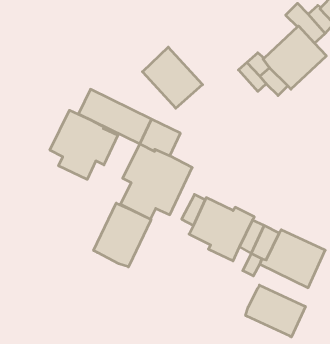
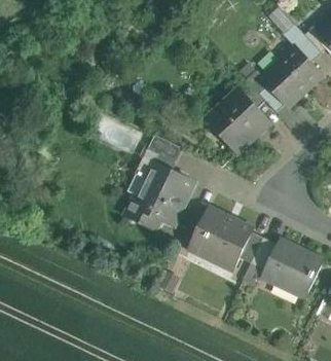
building: [142,47,203,108] -> [209,93,266,151]
building: [50,110,118,179] -> none
building: [94,203,151,267] -> none
building: [246,285,305,337] -> none

